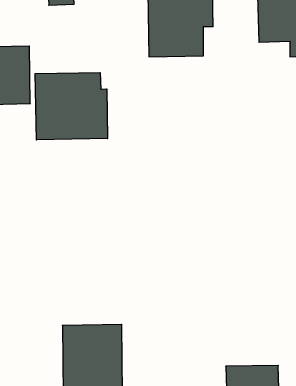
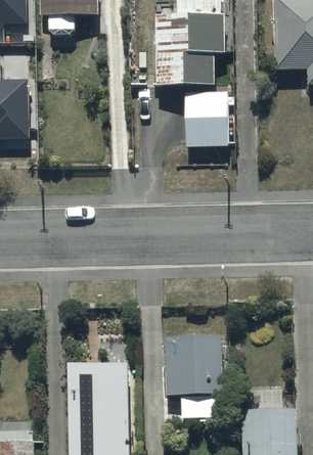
building: none -> [187,91,230,147]
building: [35,73,107,140] -> none
building: none -> [162,335,220,416]

